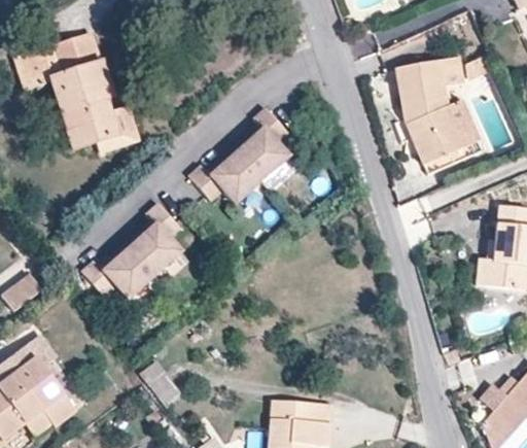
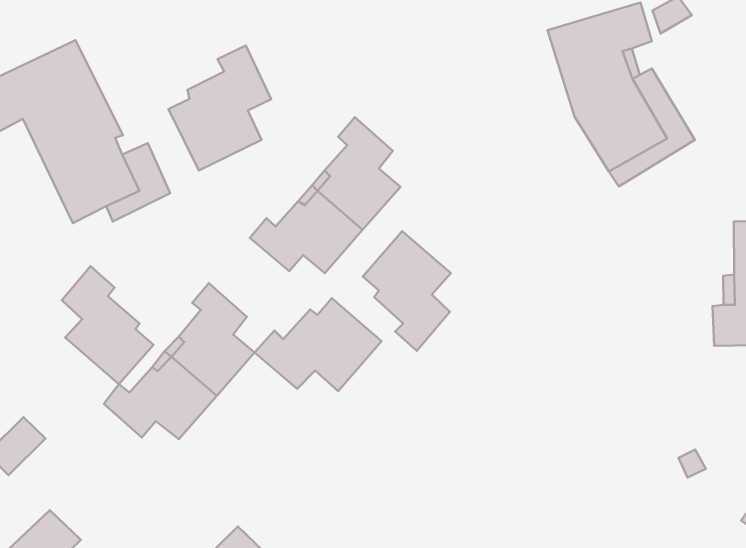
building: none -> [169,46,271,170]
building: none -> [62,266,153,384]
building: none -> [363,231,451,351]
building: none -> [255,298,381,391]

